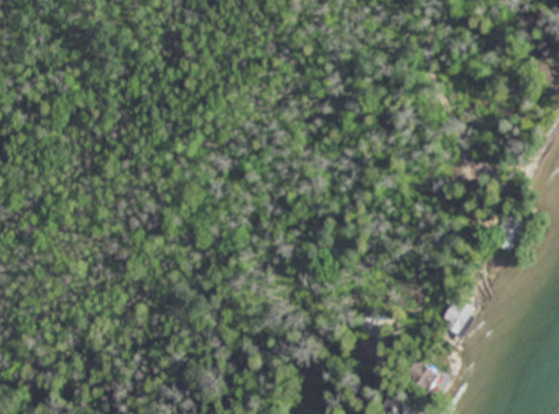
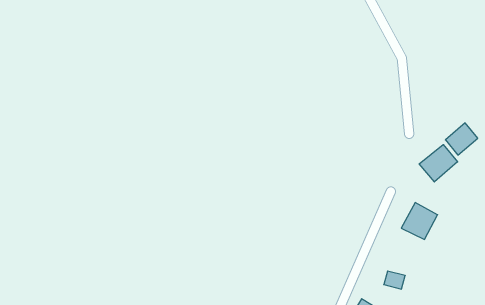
building: none -> [419,145,458,182]

